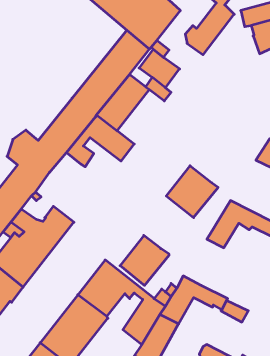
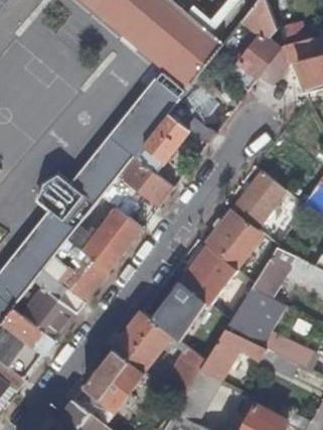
building: none -> [231,172,285,229]
building: none -> [83,208,141,271]
building: none -> [179,248,236,305]
building: none -> [224,289,309,368]

